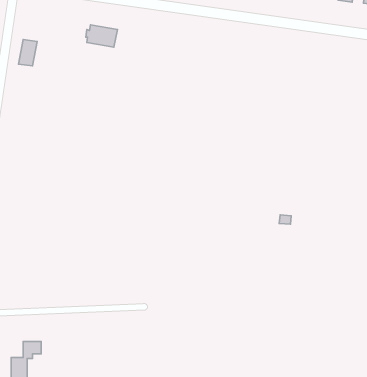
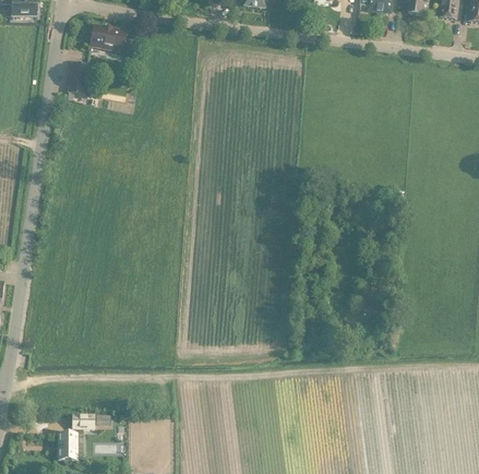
building: [86,25,118,47] -> [88,25,125,51]

